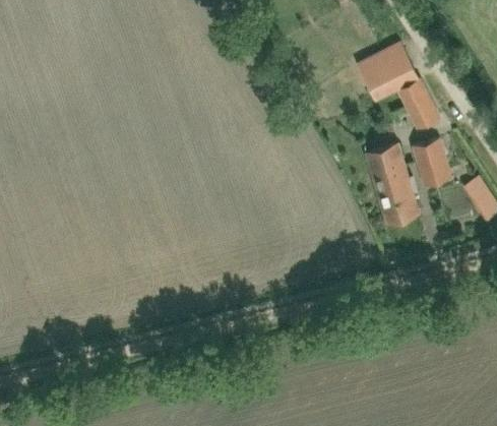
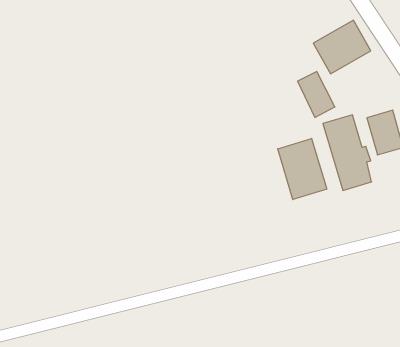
building: [399,79,439,128] -> [298,72,335,117]
building: none -> [278,138,327,200]

